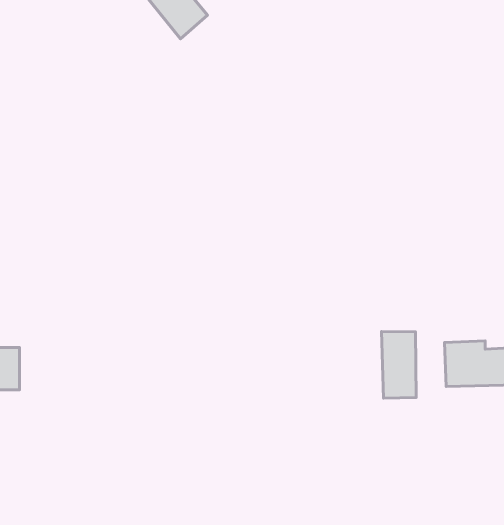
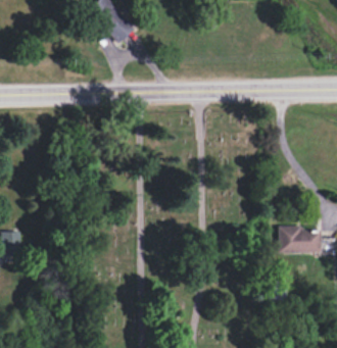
building: [382,331,416,398] -> none

